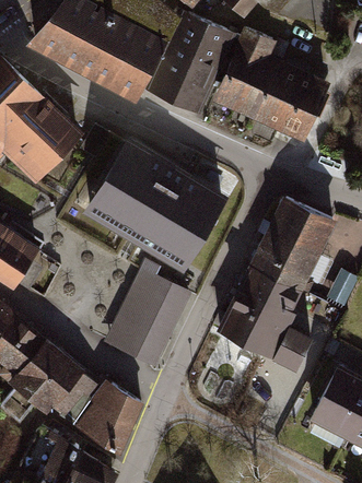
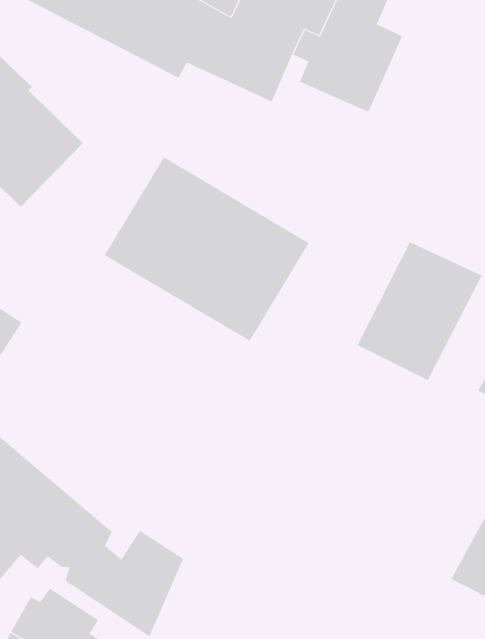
building: [261,69,327,137] -> none
building: [221,268,312,370] -> none
building: [112,274,187,365] -> none

